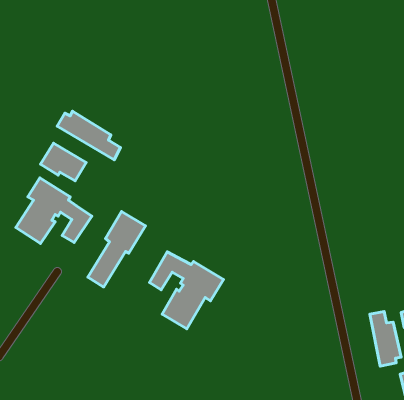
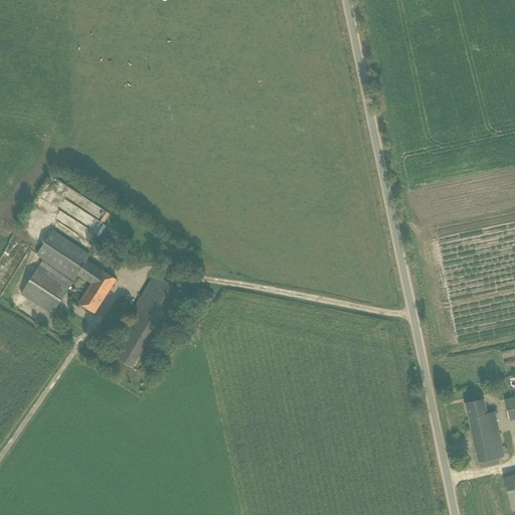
building: [57,111,121,160] -> none
building: [150,252,223,329] -> none

